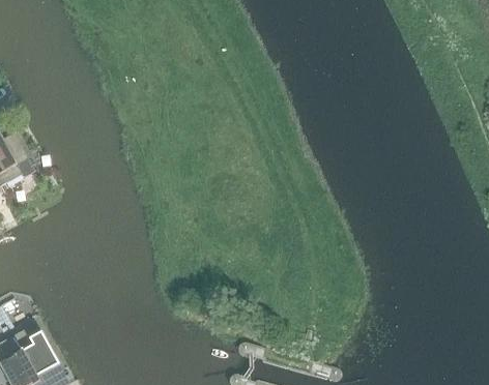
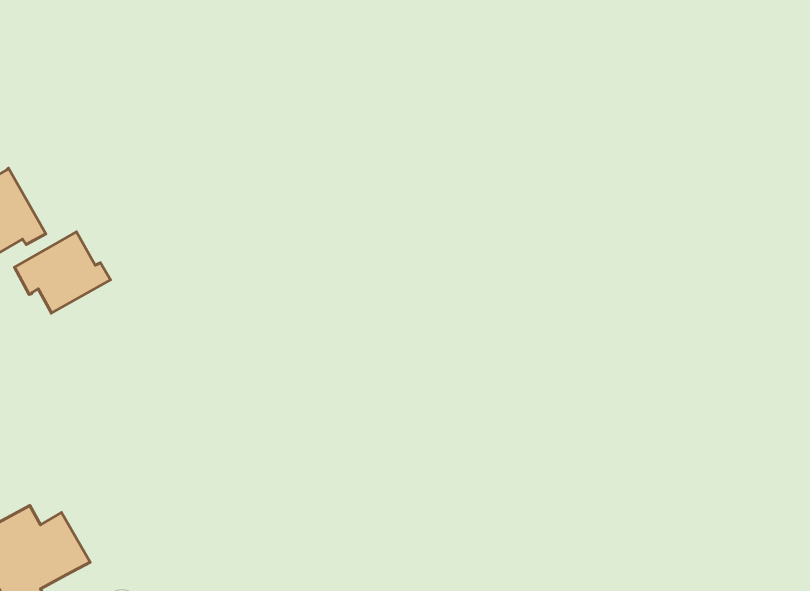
building: none -> [14,232,110,313]

